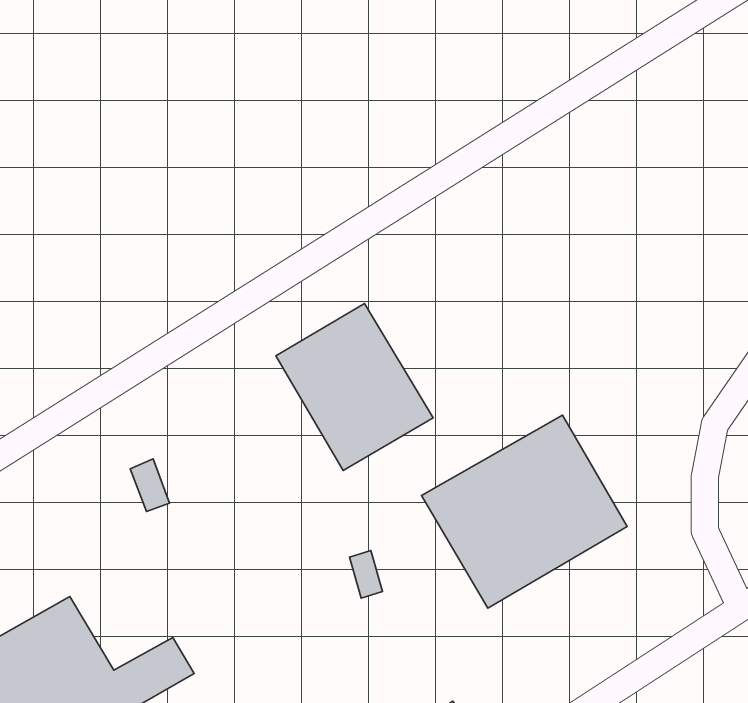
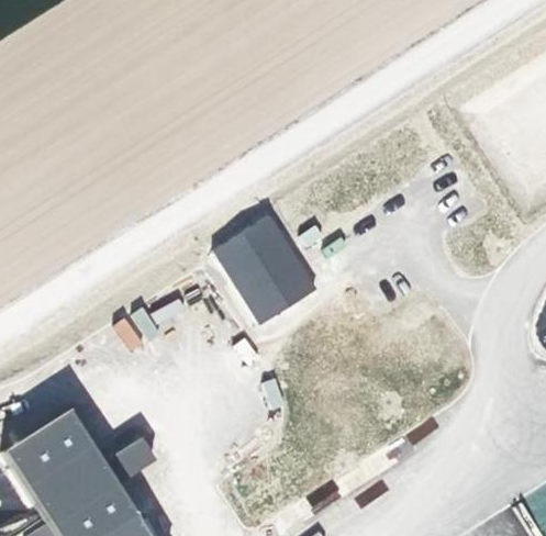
building: [422,415,627,608] -> none

